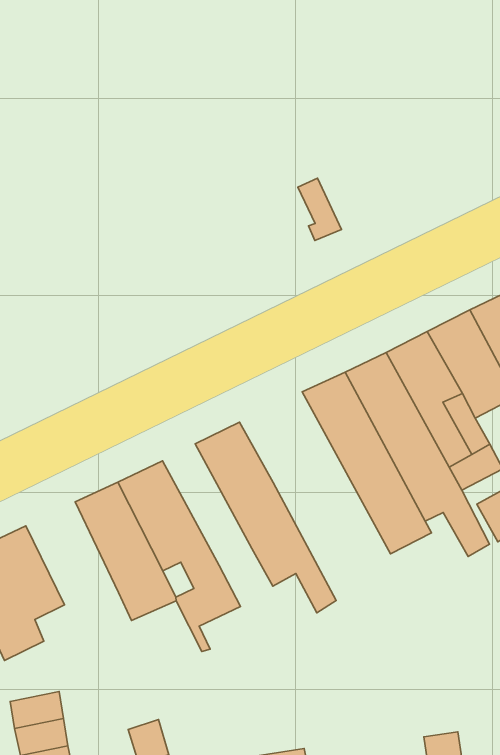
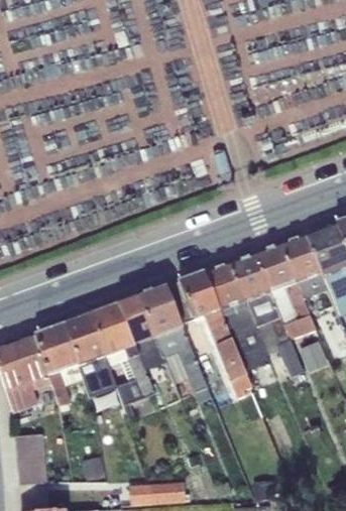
building: none -> [164,271,251,398]
building: none -> [117,295,164,368]
building: none -> [33,323,84,420]

